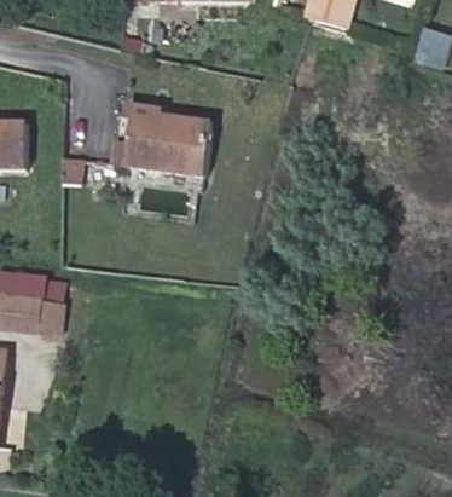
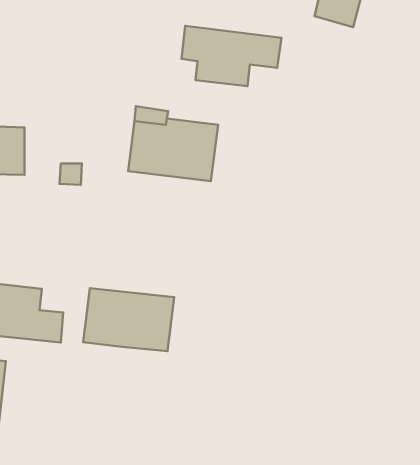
building: none -> [182,26,281,86]
building: none -> [83,288,174,351]

